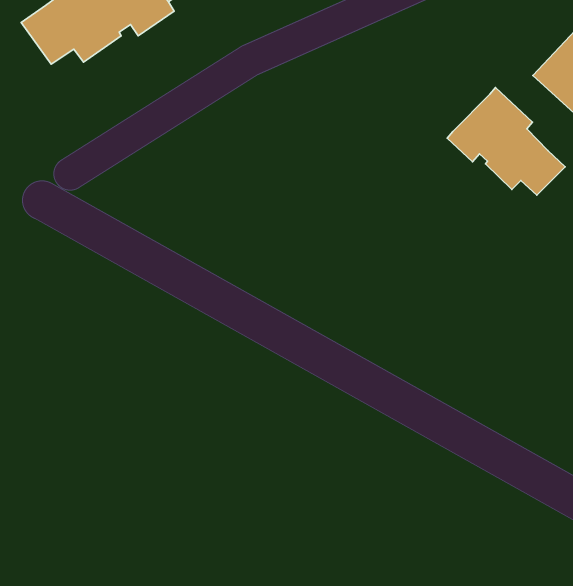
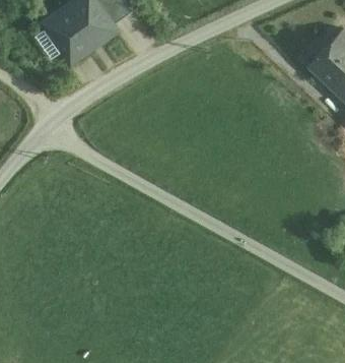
building: [447,88,565,195] -> none

